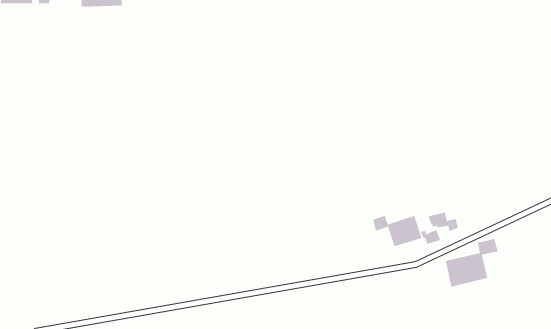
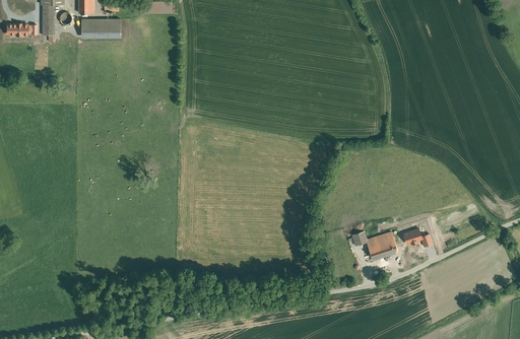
building: [445,238,498,288] -> none

